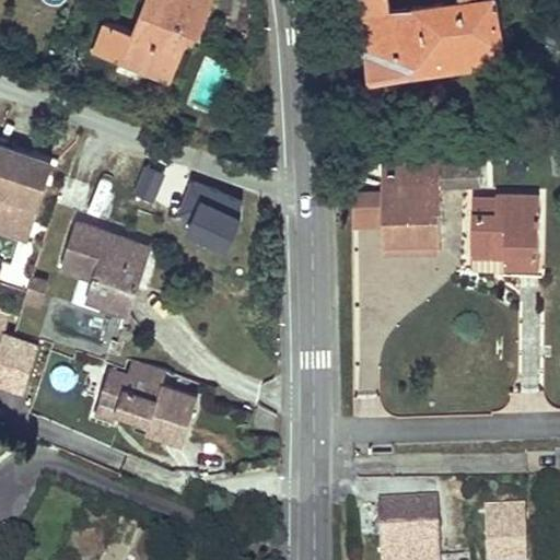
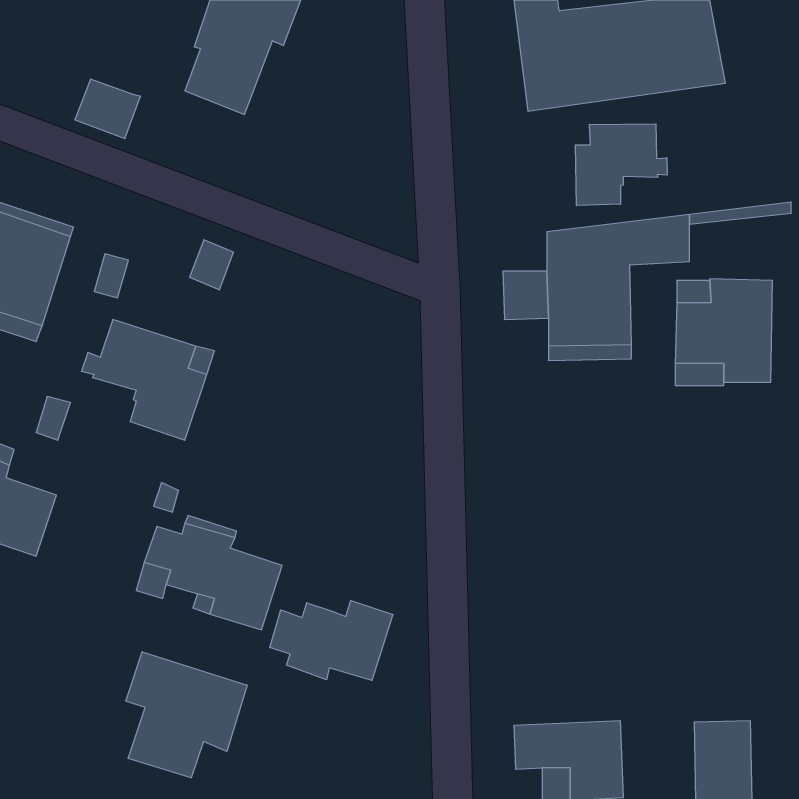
building: [94,23,140,65] -> [75,79,141,139]
building: none -> [575,124,667,206]
building: [178,184,241,257] -> none
building: none -> [270,600,393,681]
building: none -> [126,652,247,778]

